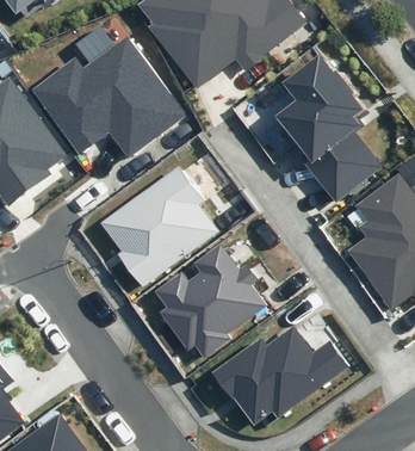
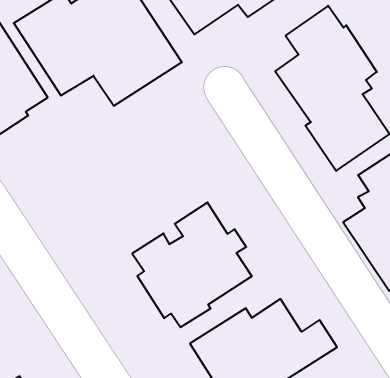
building: [99,165,218,289] -> none

